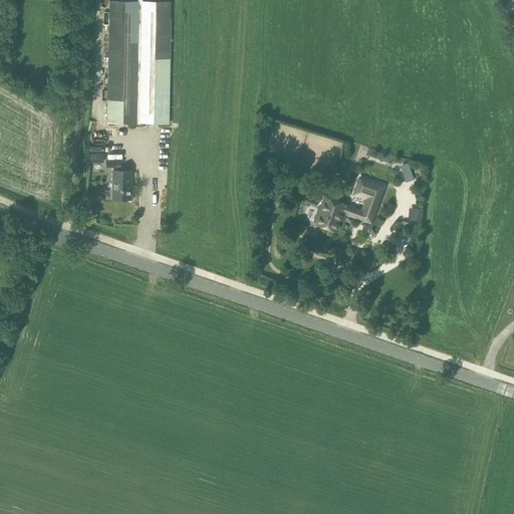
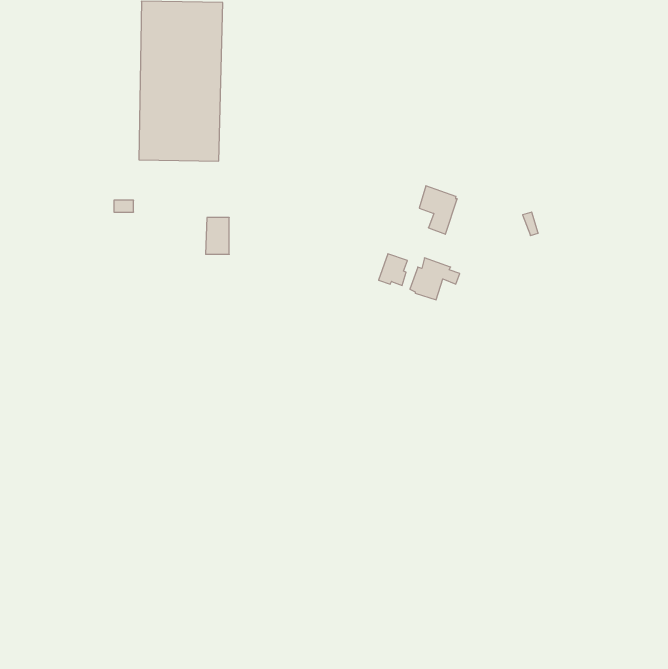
building: [111,171,130,199] -> [206,218,229,254]
building: [354,178,383,215] -> [419,186,457,234]

